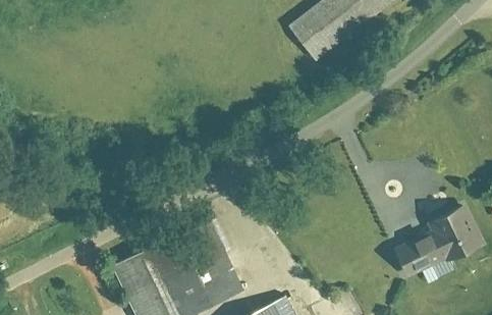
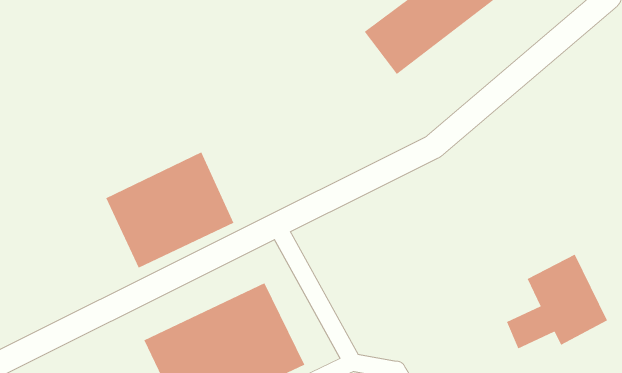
building: none -> [105,152,234,268]

